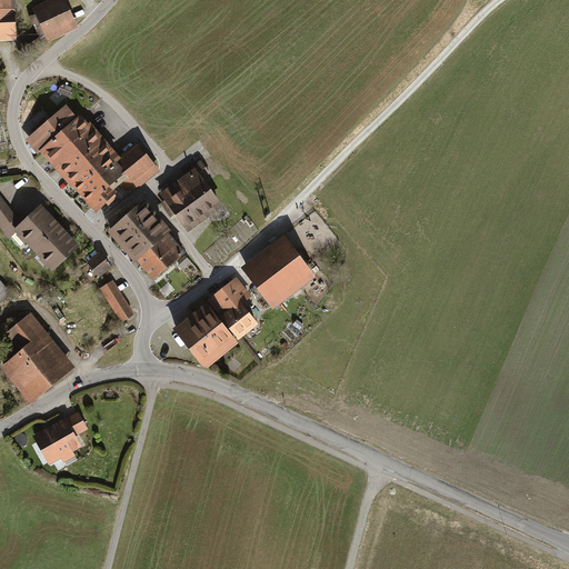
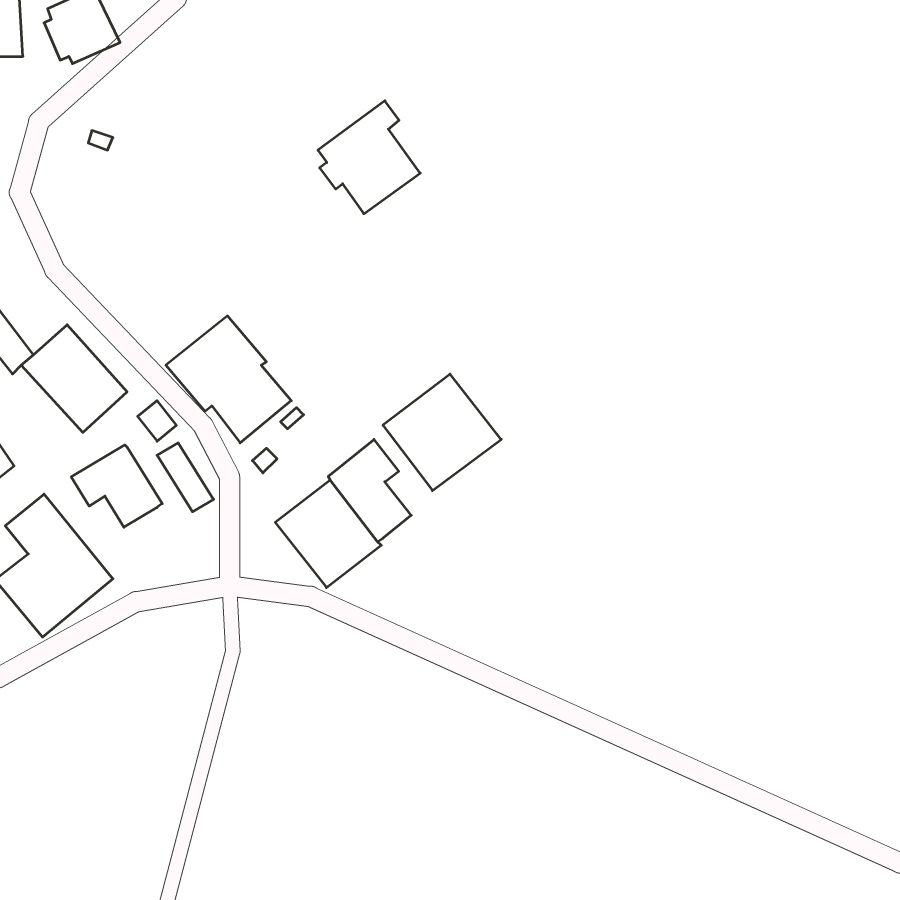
building: [23,103,158,212] -> none
building: [157,160,221,231] -> [318,101,420,214]
building: none -> [71,445,162,527]
building: [32,412,88,465] -> none

